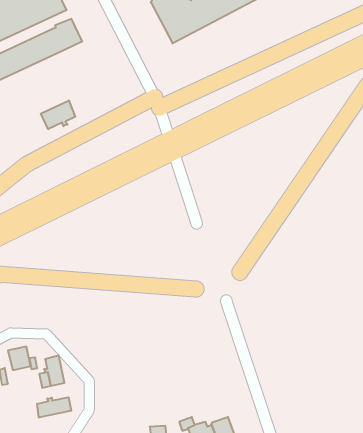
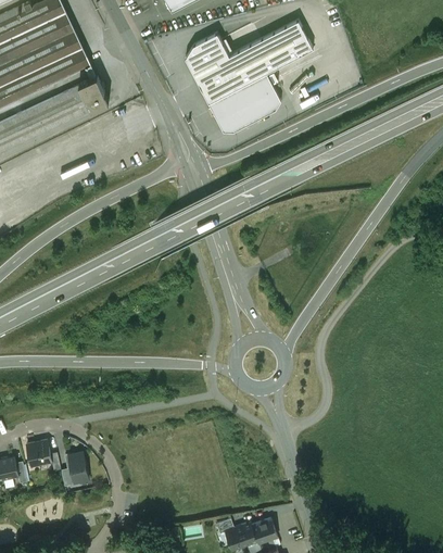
building: none -> [210,75,280,136]
building: [41,100,75,129] -> none
building: [37,397,71,418] -> none

